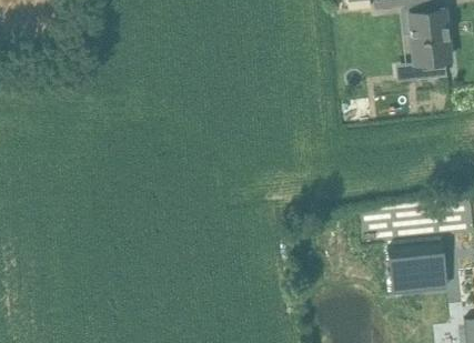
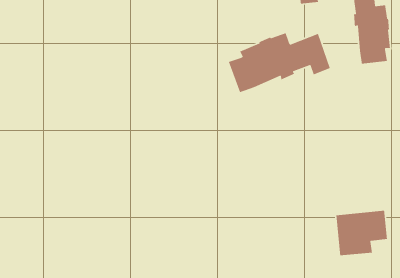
building: none -> [228,32,331,93]

